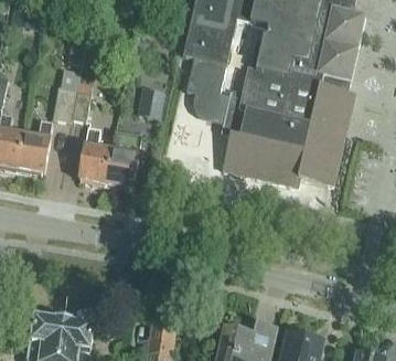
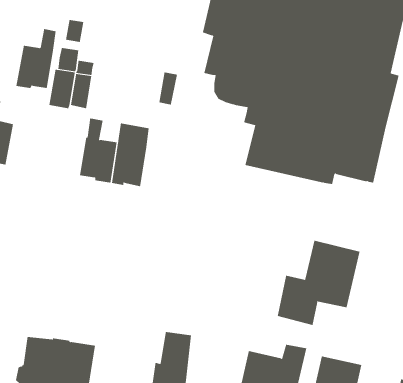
building: [17,118,52,170] -> [15,29,56,89]
building: none -> [277,240,360,326]

